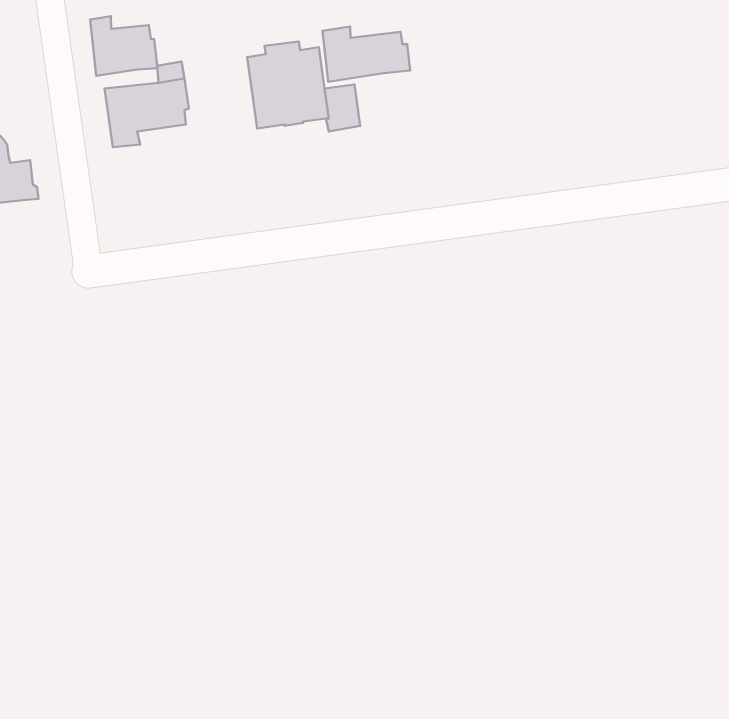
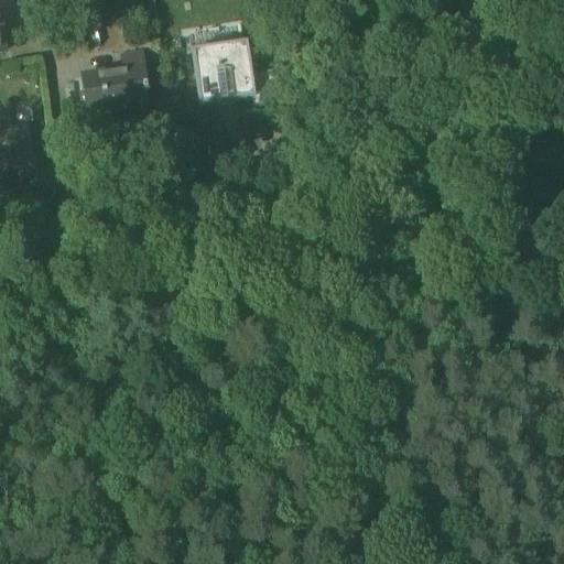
building: [90,16,157,76] -> none
building: [322,26,410,82] -> none

